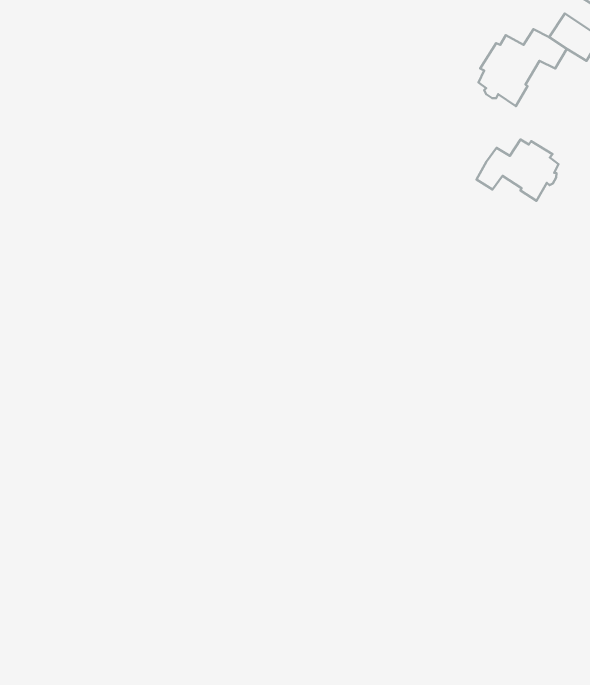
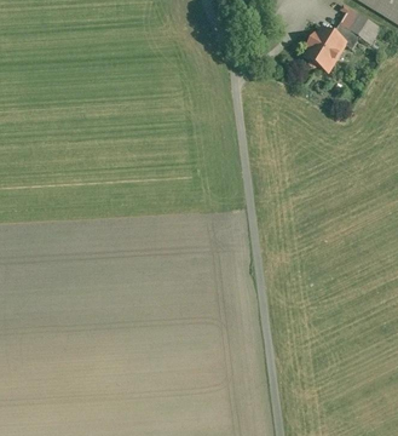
building: [476,139,559,201] -> none

